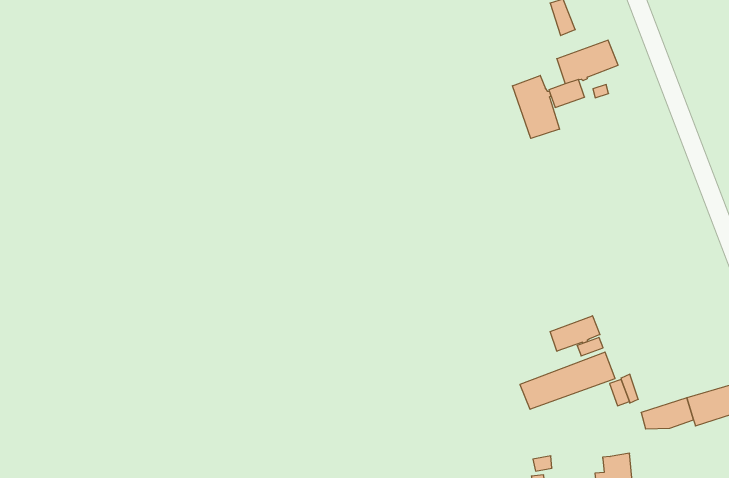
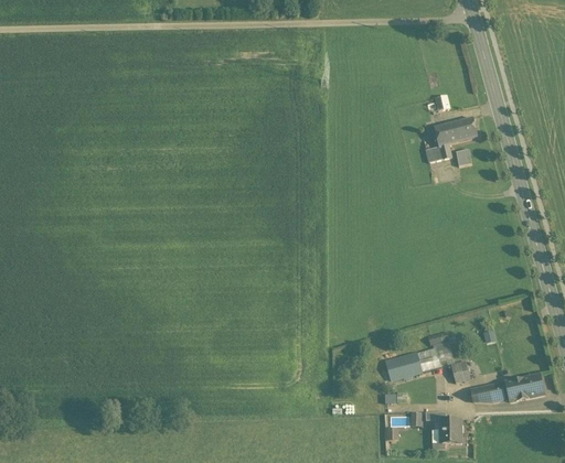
building: [512,75,560,138] -> none
building: [550,316,600,351] -> none

